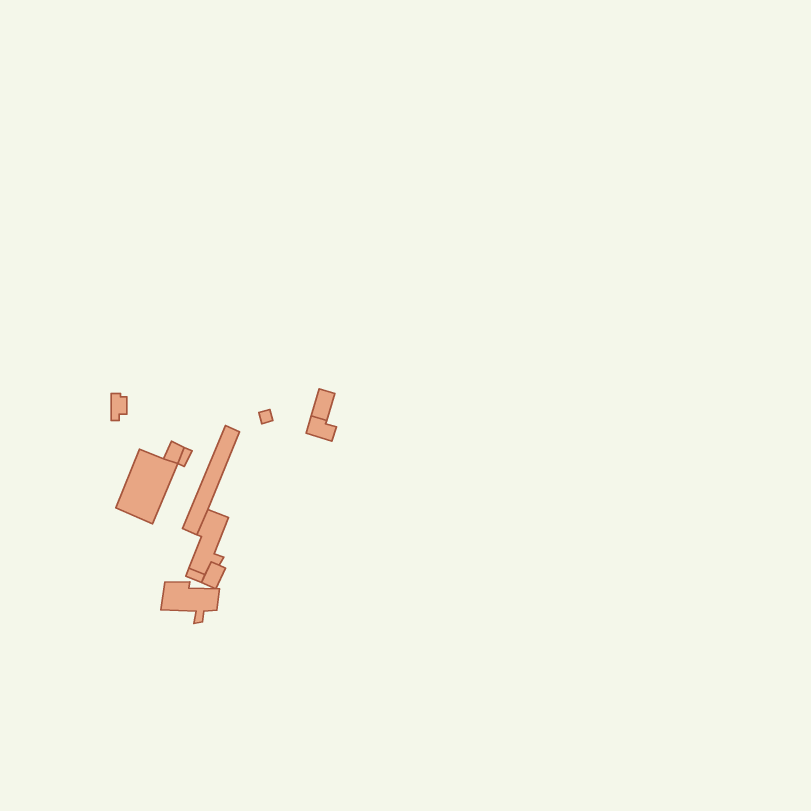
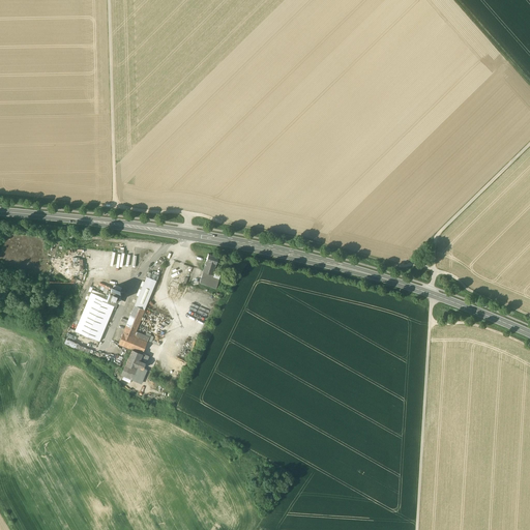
building: [161,582,220,623] -> none

